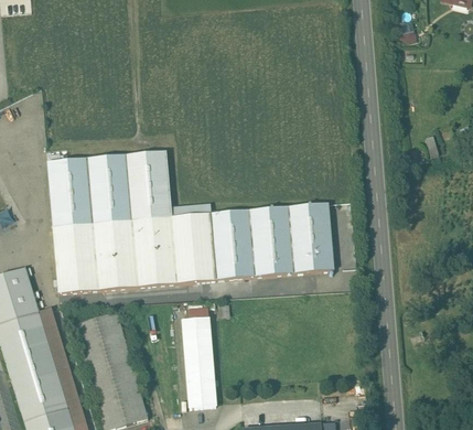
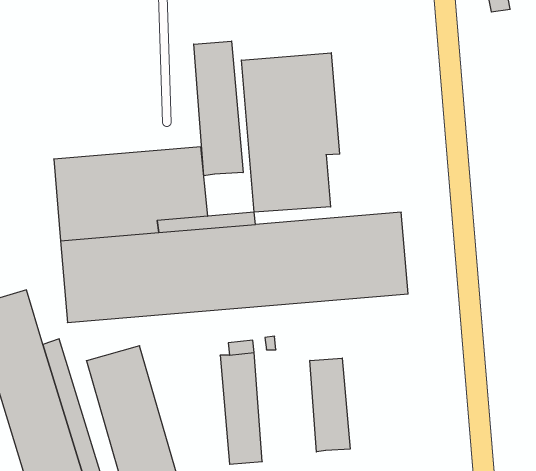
building: none -> [194,41,243,176]
building: none -> [241,53,340,212]
building: none -> [310,358,350,452]

